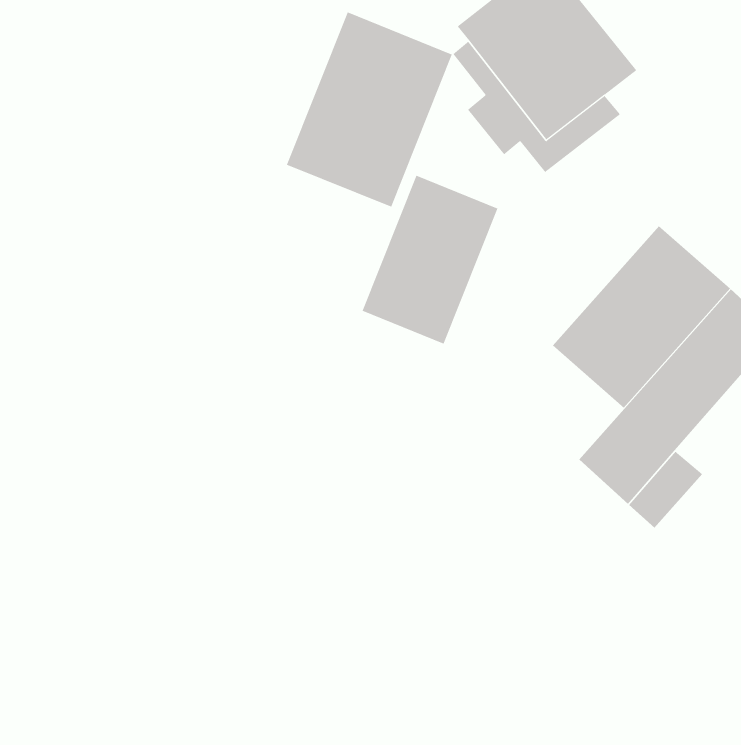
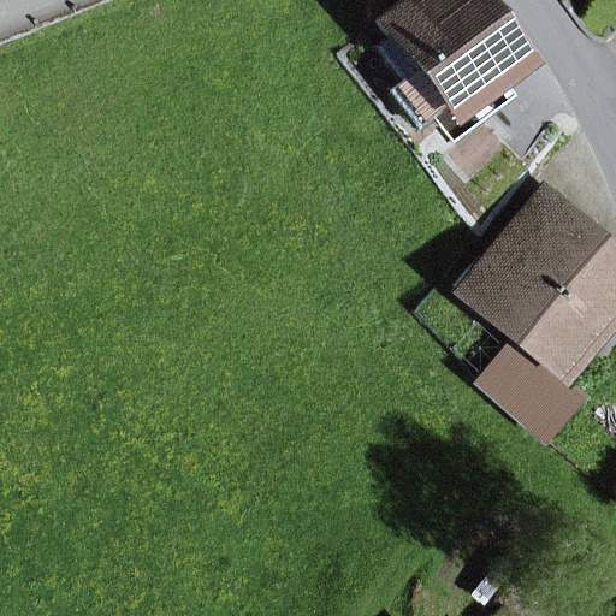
building: [286,12,453,208] -> none
building: [362,175,498,345] -> none

